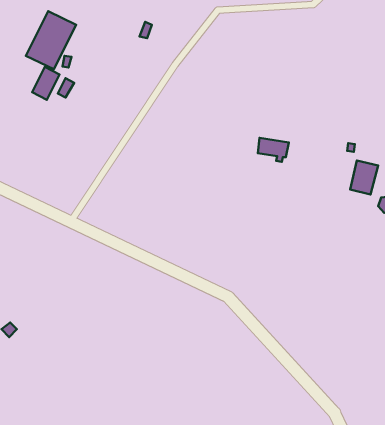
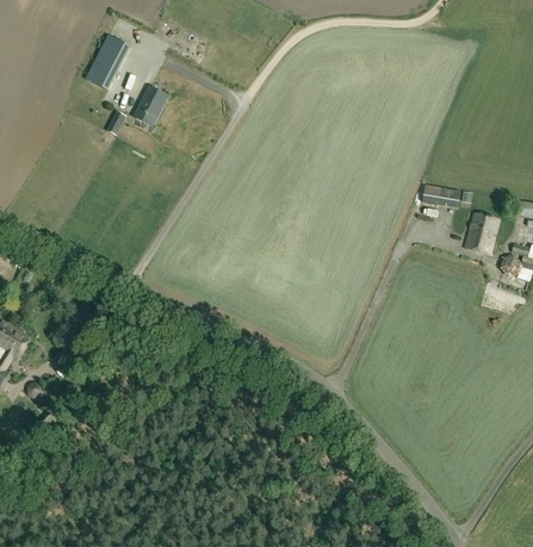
building: [32,67,59,100] -> [134,86,167,126]
building: [258,138,289,162] -> [422,184,460,213]

